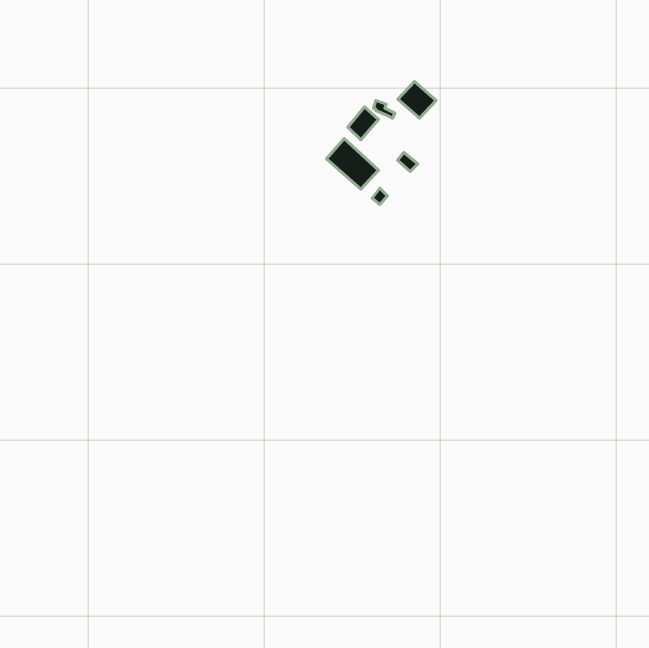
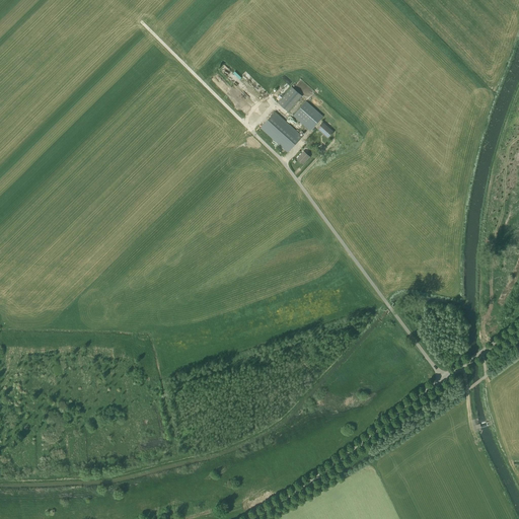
building: [398,81,436,118] -> [293,100,323,130]

